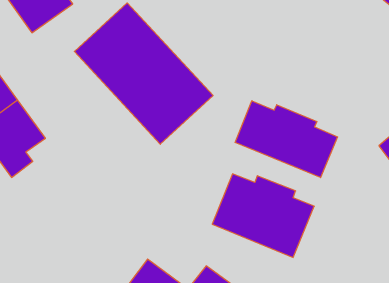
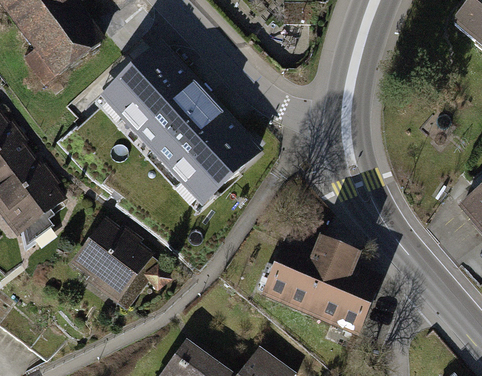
building: [235,101,338,178] -> none
building: none -> [71,215,153,298]

